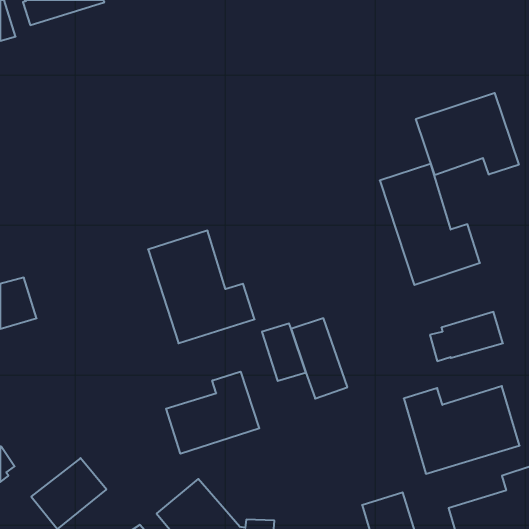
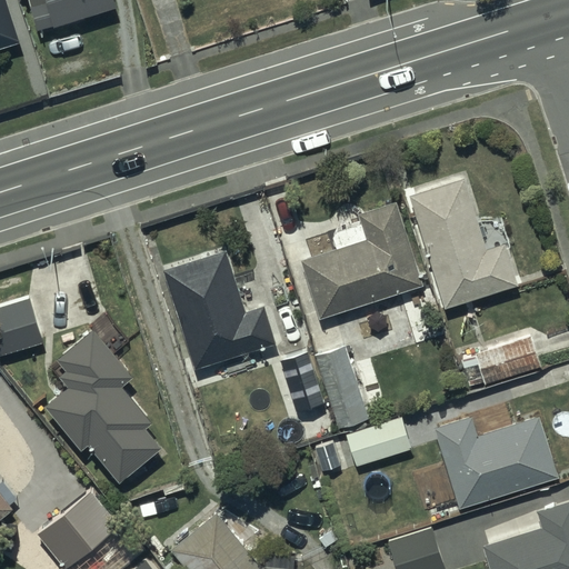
building: [416,93,519,175] -> none
building: none -> [301,202,425,321]
building: none -> [42,327,160,481]
building: [166,372,259,454] -> none
building: none -> [347,418,412,467]

